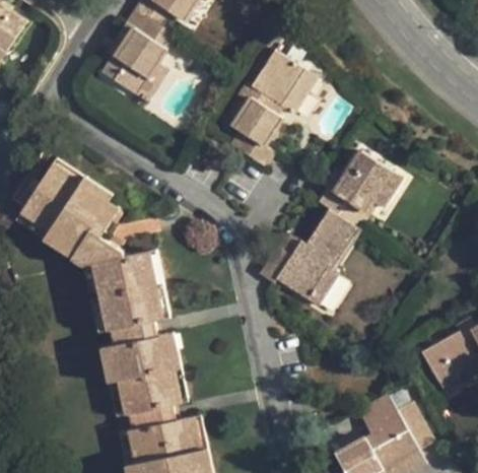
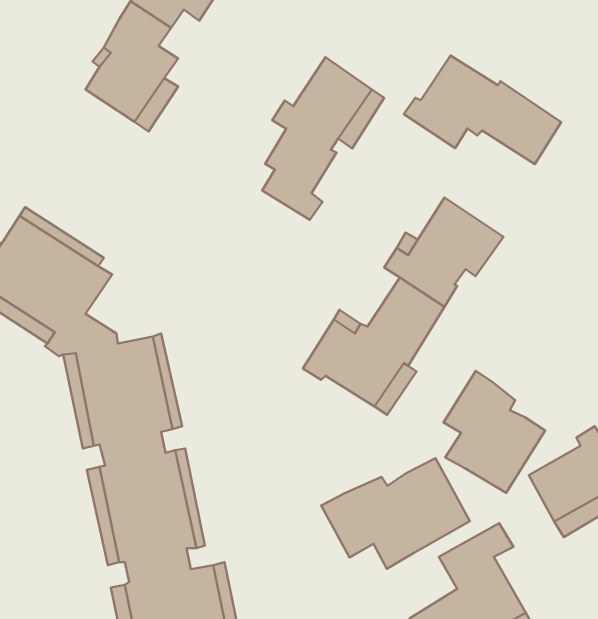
building: none -> [404,56,561,164]
building: none -> [443,371,545,493]
building: none -> [321,458,470,569]

